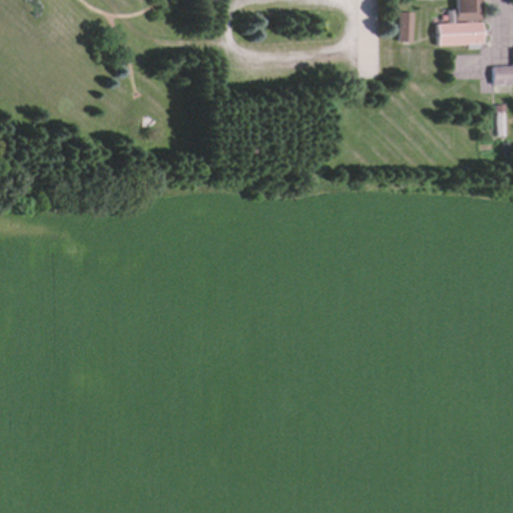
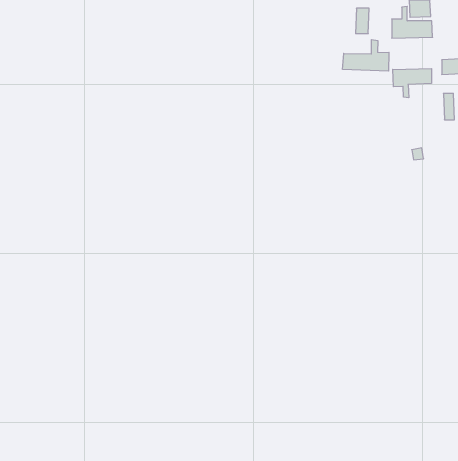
building: none -> [343,40,389,71]
building: none -> [393,69,432,98]

